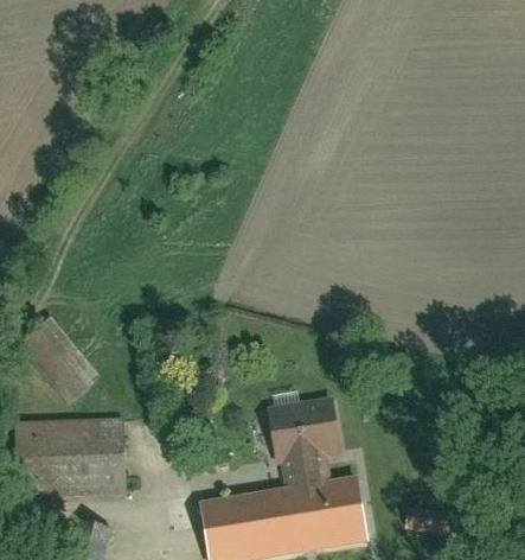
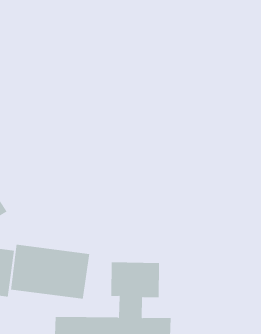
building: none -> [10,244,90,300]

